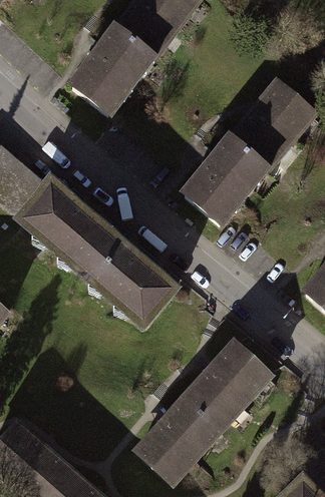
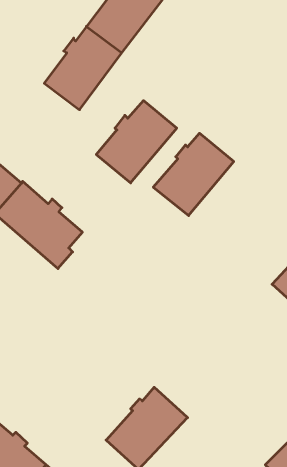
building: [232,83,314,167] -> [96,101,177,183]
building: [87,239,173,325] -> none
building: [186,344,270,429] -> none

